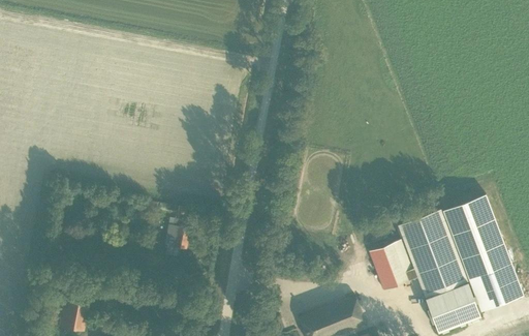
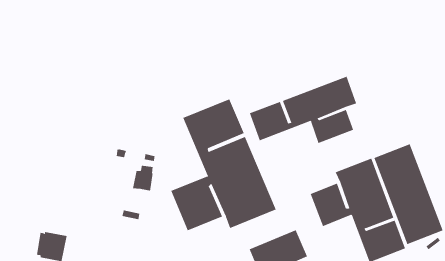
building: none -> [249,76,357,144]
building: none -> [170,98,276,231]

